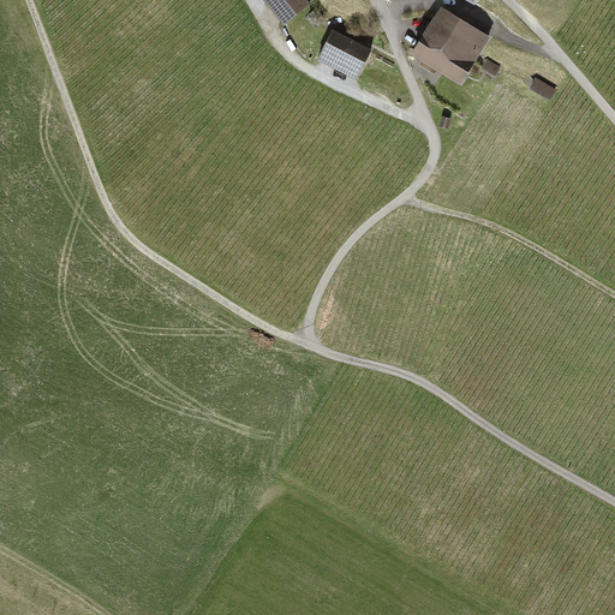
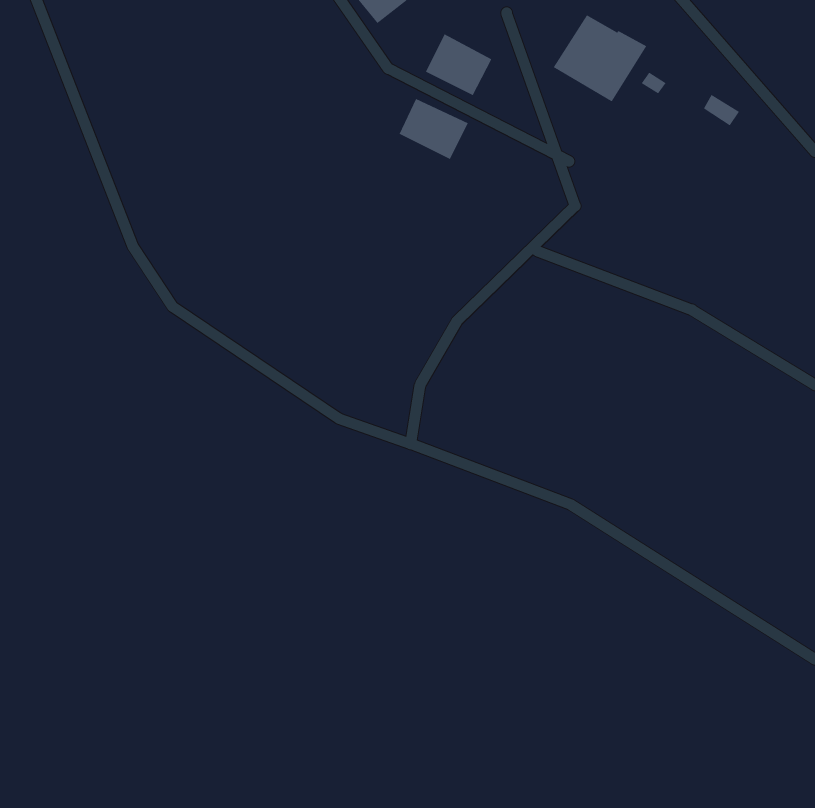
building: none -> [399,98,469,160]

